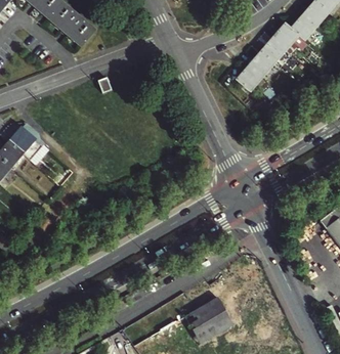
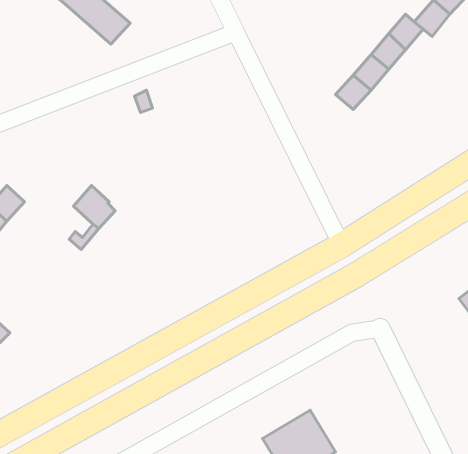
building: [9,128,38,158] -> [74,185,115,229]

